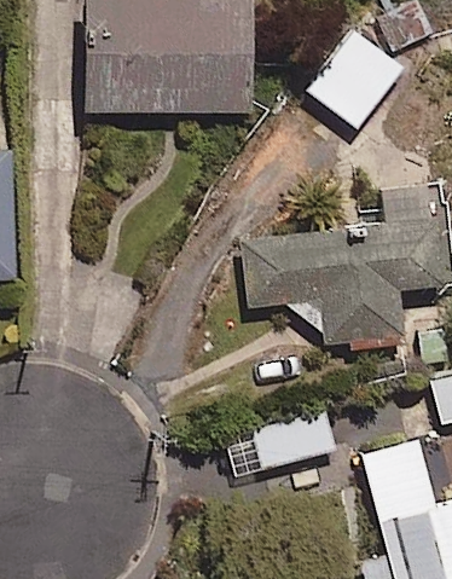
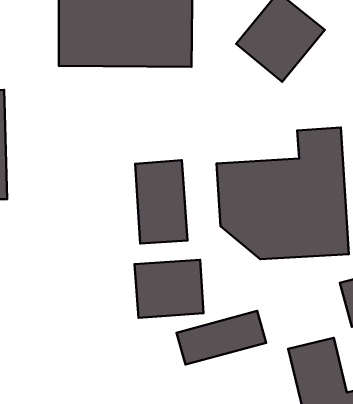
building: none -> [135,160,188,243]
building: none -> [134,260,203,318]

